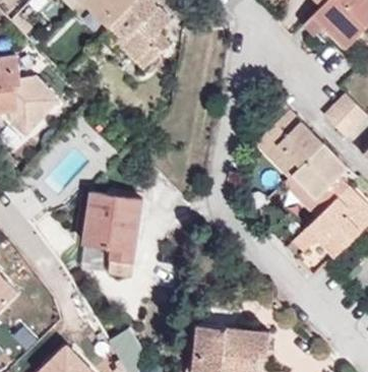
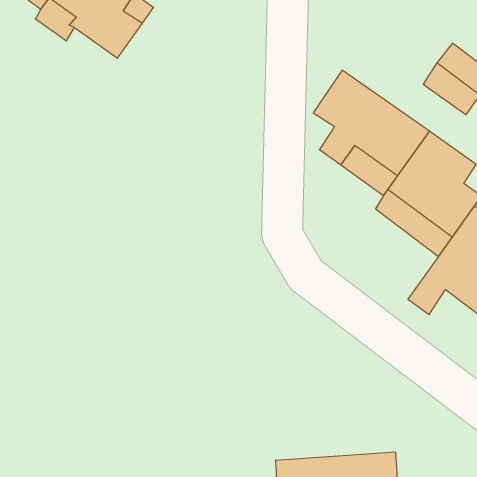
building: [84,192,144,276] -> none

